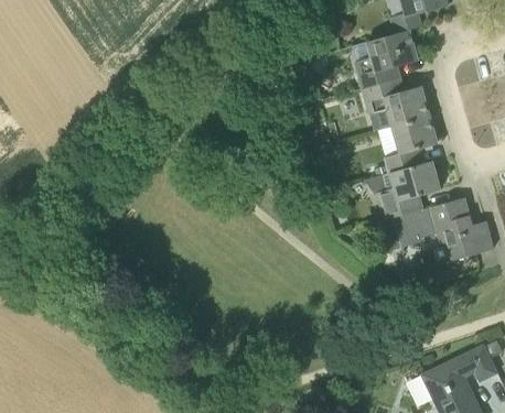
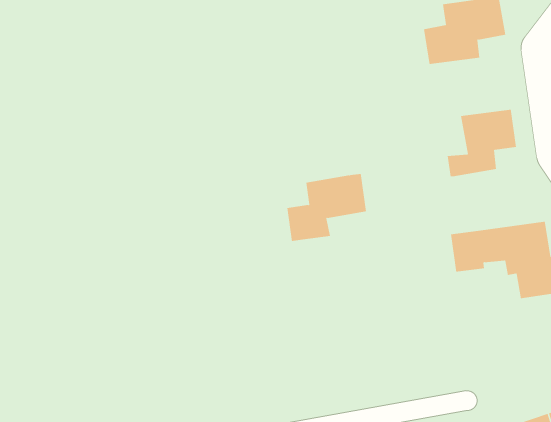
building: [362,79,429,126] -> none
building: [378,161,440,219] -> [287,174,367,241]

